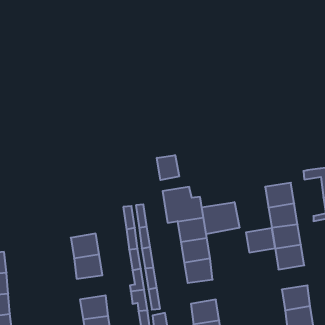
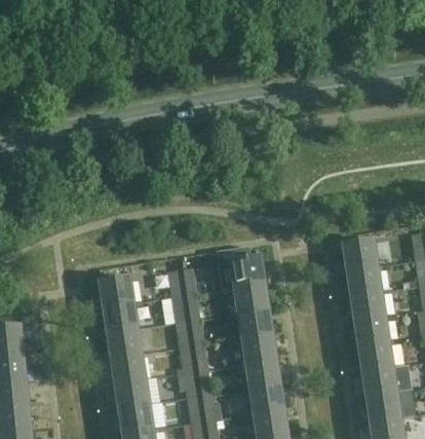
building: [157,155,179,180] -> none
building: [202,202,239,234] -> none
building: none -> [99,277,133,307]
building: [246,228,275,252] -> [358,341,394,371]
building: none -> [110,354,146,383]
building: none -> [246,359,281,389]

